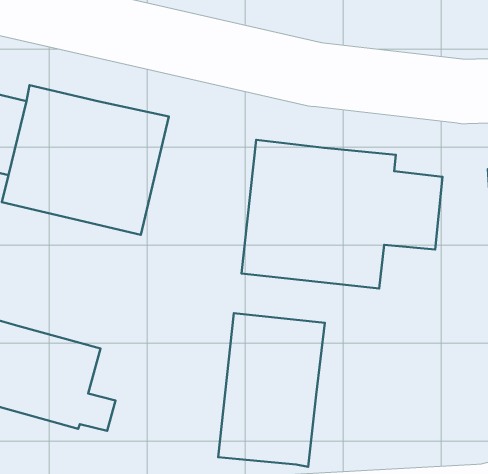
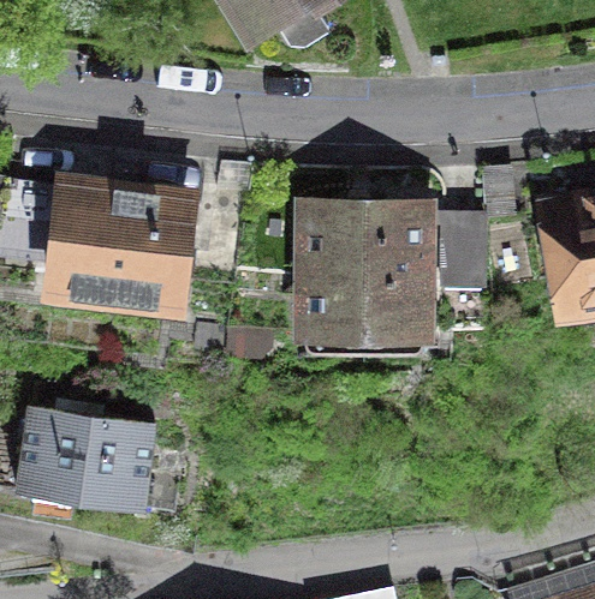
building: [218,313,325,467] -> none

